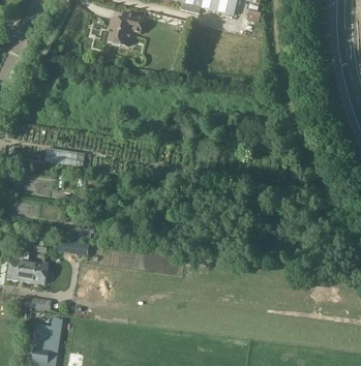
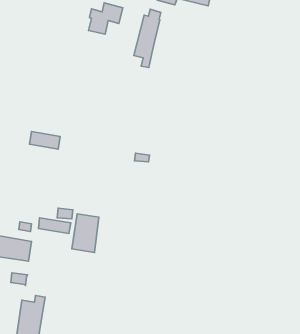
building: none -> [134,9,161,67]
building: none -> [72,214,99,252]

